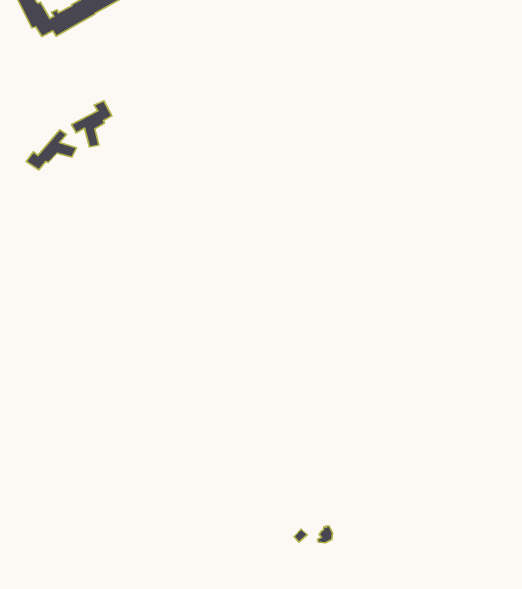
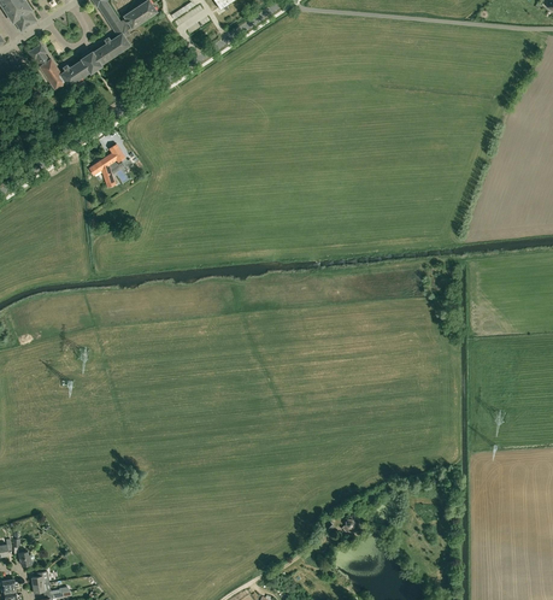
building: [26,130,77,170] -> none

